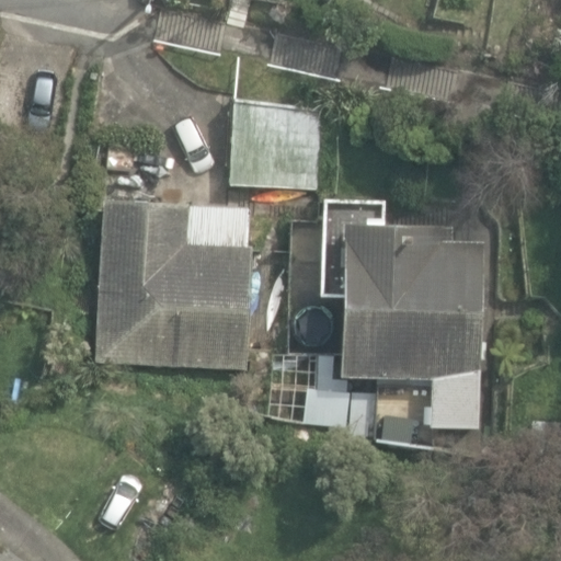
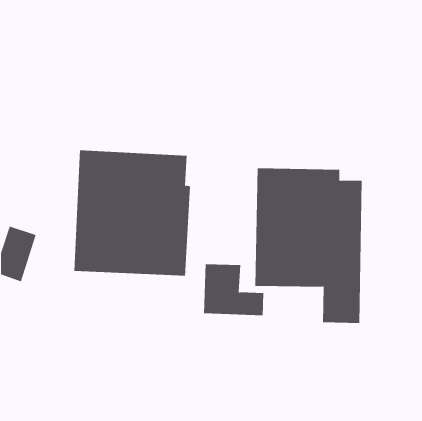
building: [229,95,322,192] -> none

